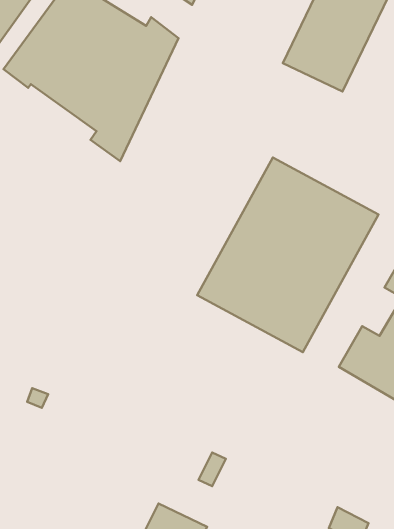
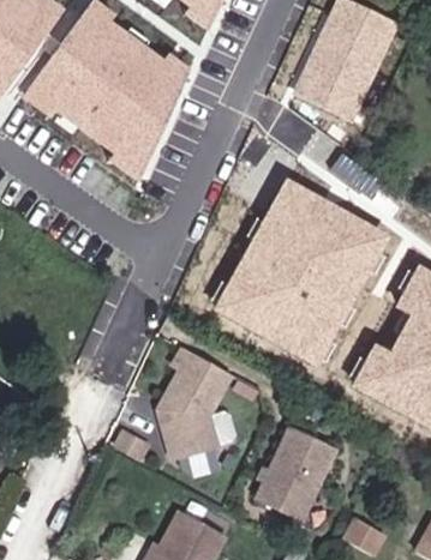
building: none -> [157,349,237,462]
building: none -> [259,426,339,516]

